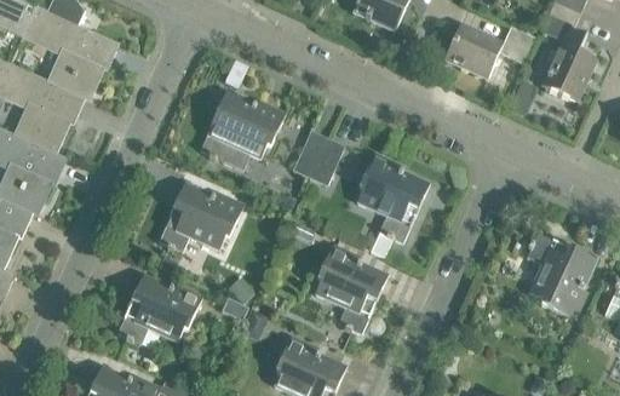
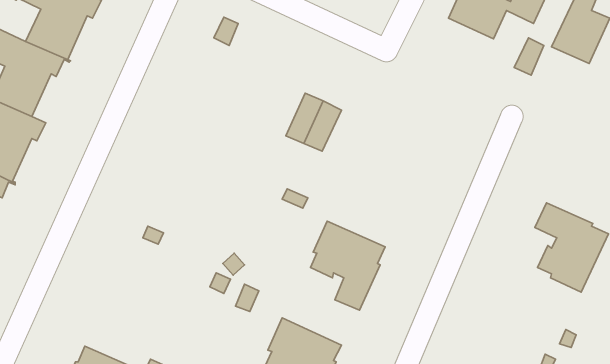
building: [200,91,283,168] -> none
building: [357,156,427,241] -> none
building: [159,182,242,251] -> none
building: [117,270,201,343] -> none

